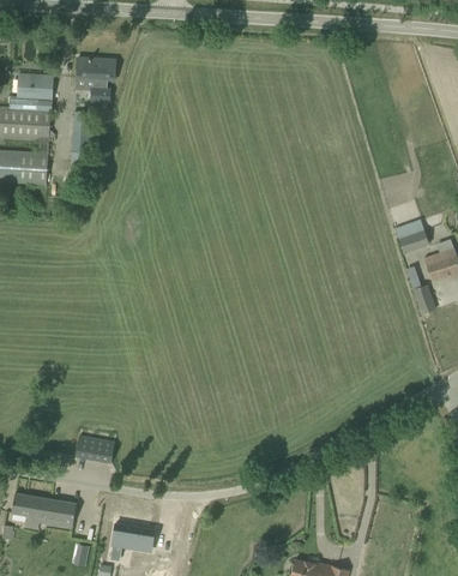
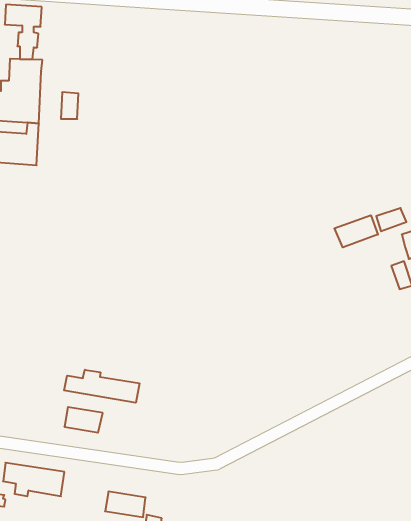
building: [77,58,115,114] -> [5,5,42,59]
building: none -> [334,215,378,247]
building: none -> [64,370,139,403]

